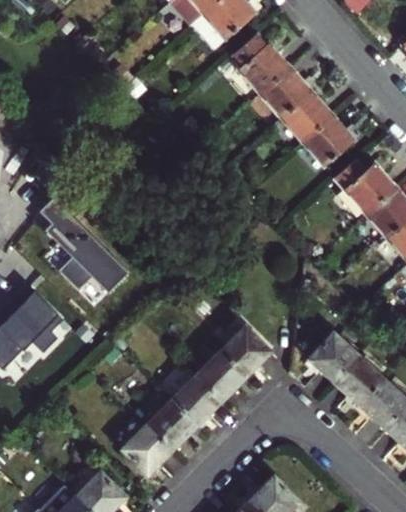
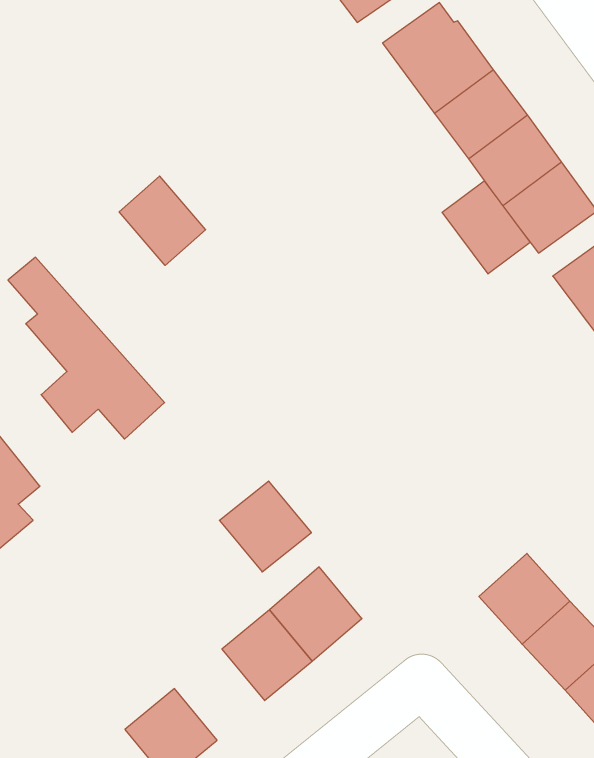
building: none -> [442,181,530,274]
building: none -> [119,176,206,265]
building: [220,325,271,375] -> [219,481,311,572]
building: [147,399,197,449] -> none

